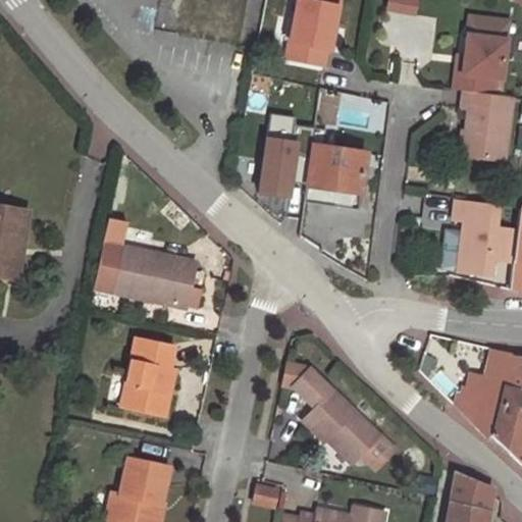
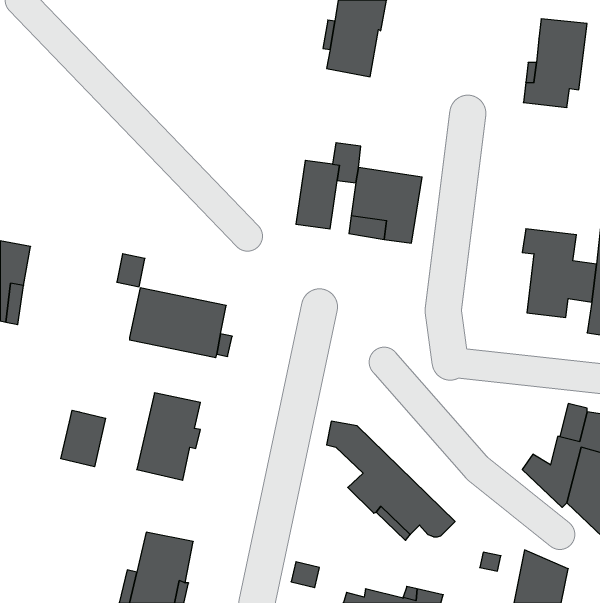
building: [462,90,514,159] -> none
building: [94,244,123,292] -> none
building: none -> [61,410,106,467]

